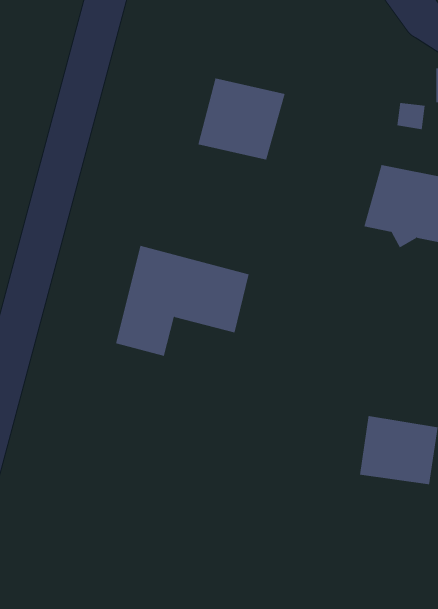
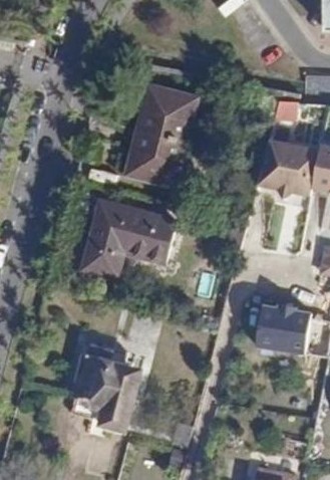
building: none -> [129,129,189,185]
building: none -> [73,356,139,436]

